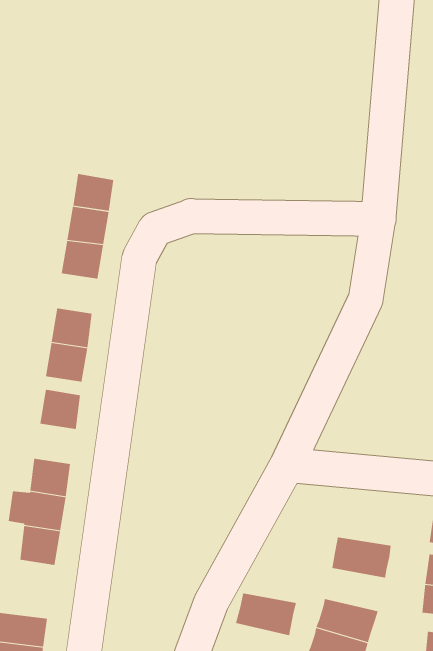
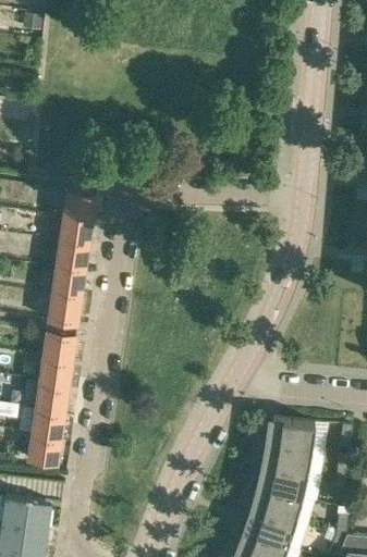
building: [73,173,114,211] -> none
building: none -> [56,243,87,273]
building: none -> [38,357,71,387]
building: none -> [269,419,315,449]
building: [235,593,297,636] -> [259,467,306,499]

